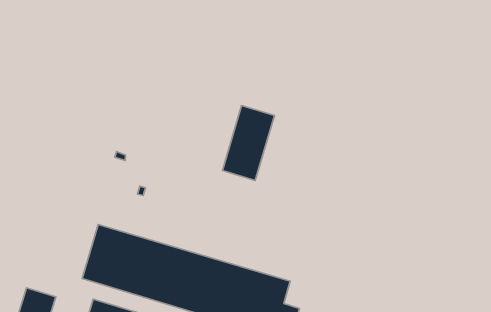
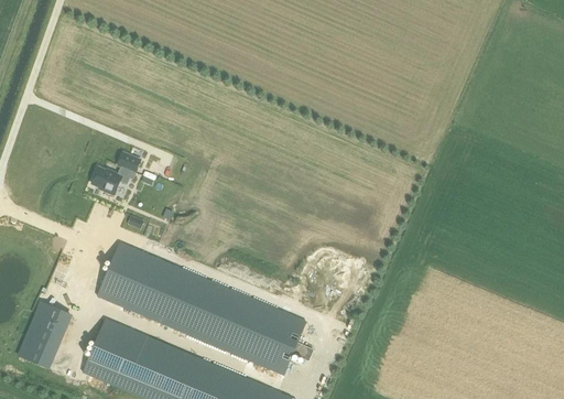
building: [222,106,274,180] -> none
building: none -> [90,152,139,194]

